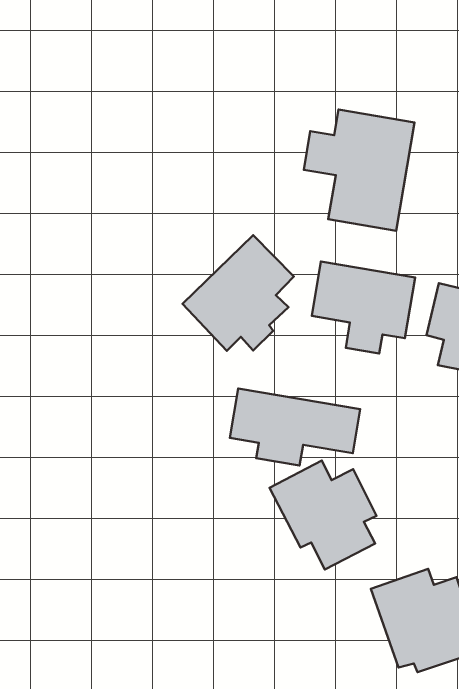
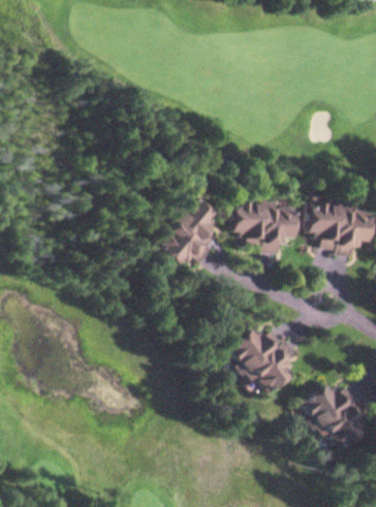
building: [304,110,414,231] -> none
building: [230,388,360,466] -> none

